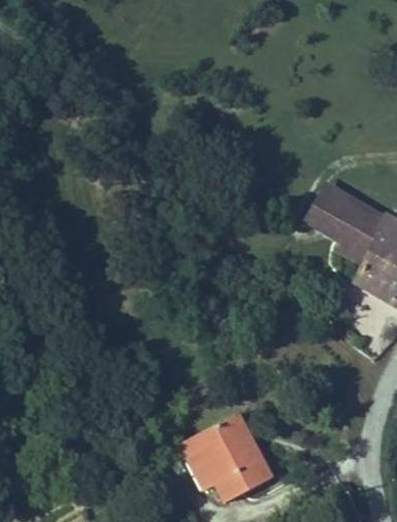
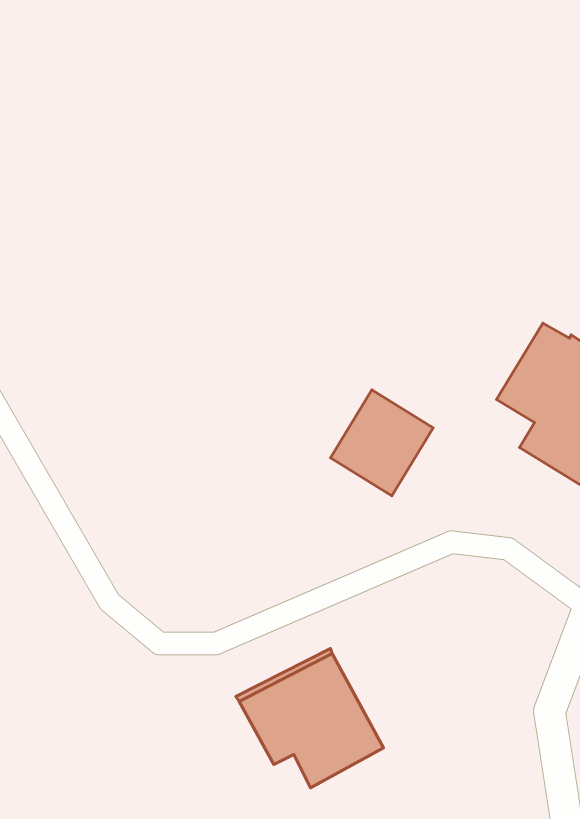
building: [307,187,370,252] -> [330,390,433,496]

